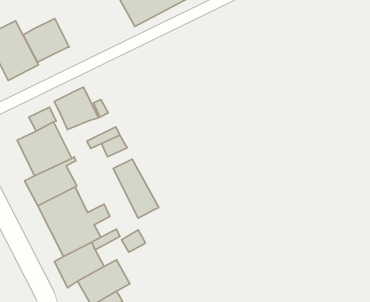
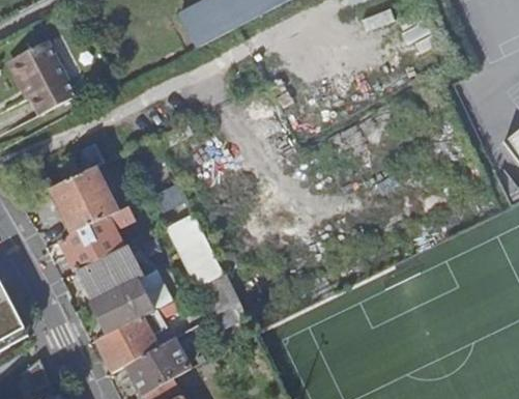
building: [23,18,69,62] -> none
building: [54,87,98,129] -> none

